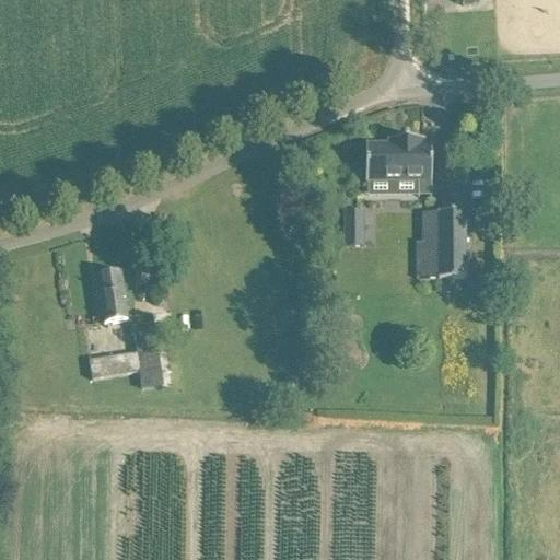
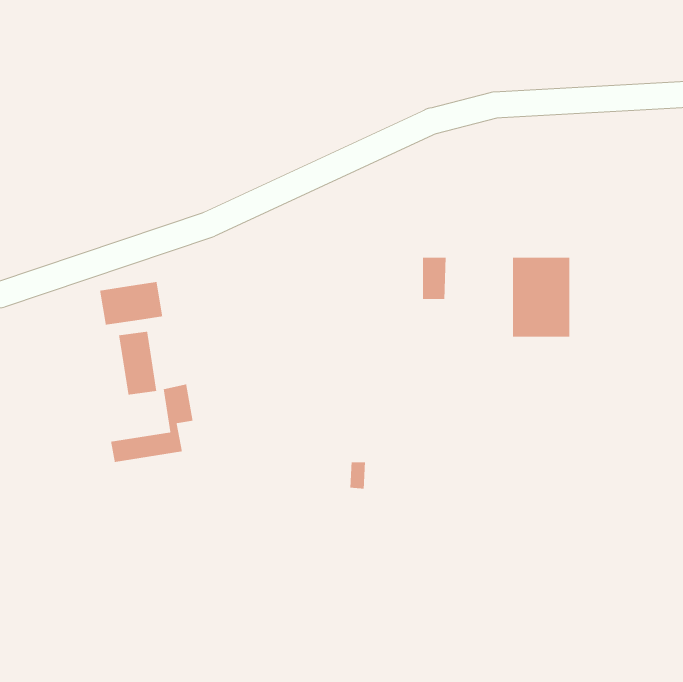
building: [355,138,421,179] -> none
building: none -> [99,281,163,325]

